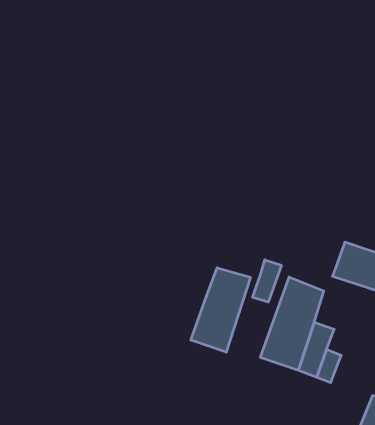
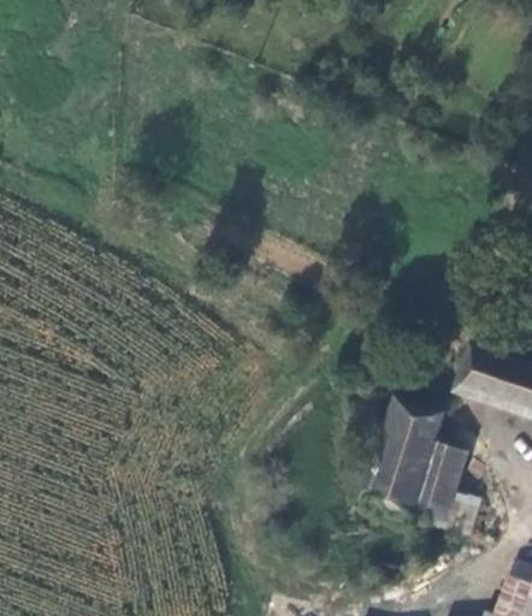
building: [253,260,281,302] -> none
building: [191,268,250,352] -> none

